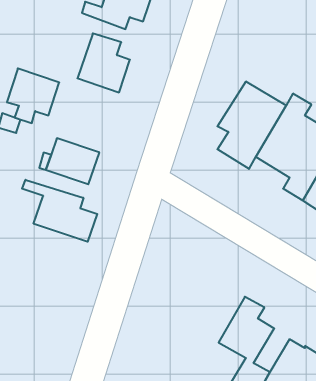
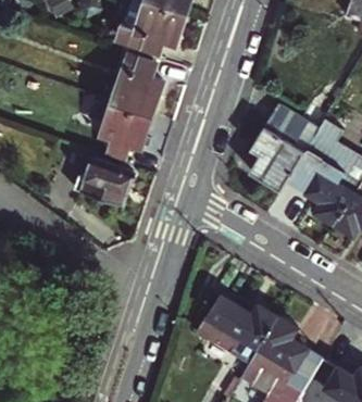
building: [7,68,59,123] -> [100,100,152,154]
building: [22,180,97,242] -> none
building: none -> [199,297,277,363]

